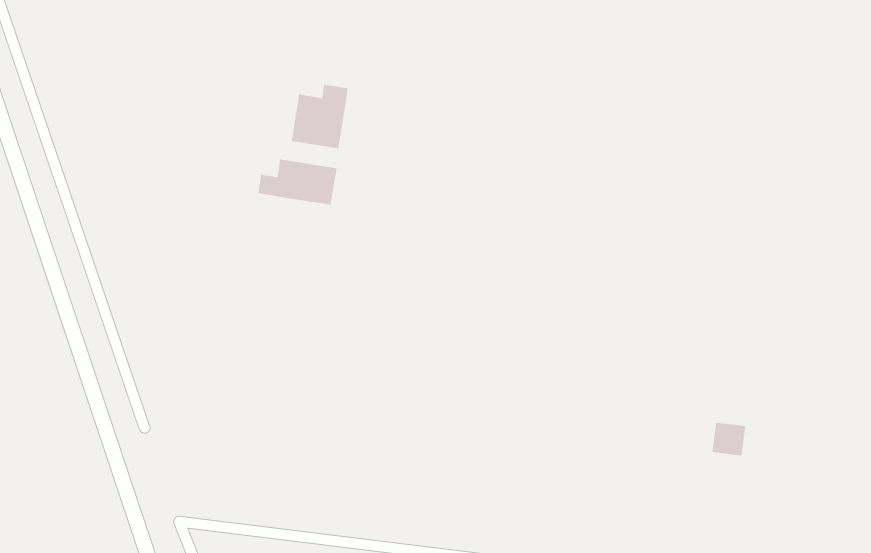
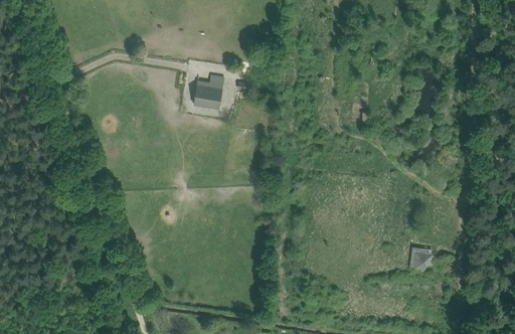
building: [257,158,337,205] -> none

